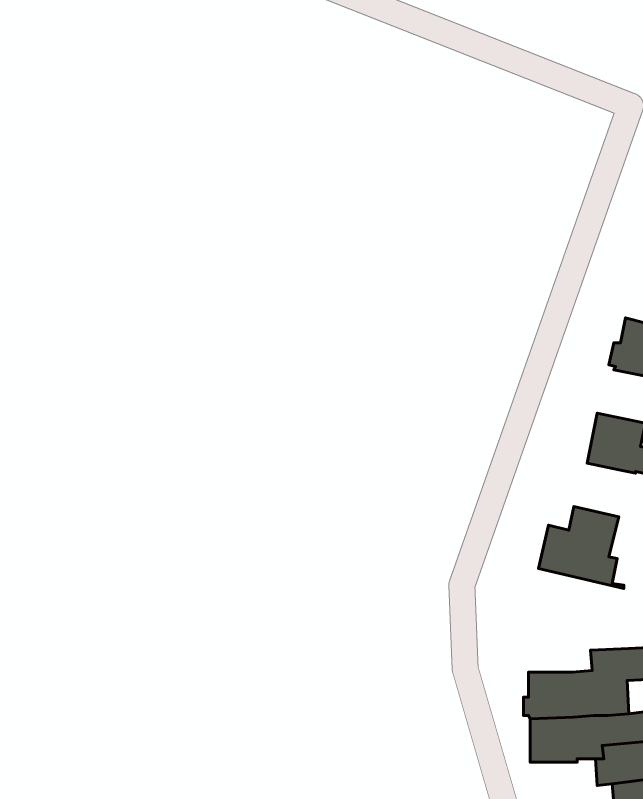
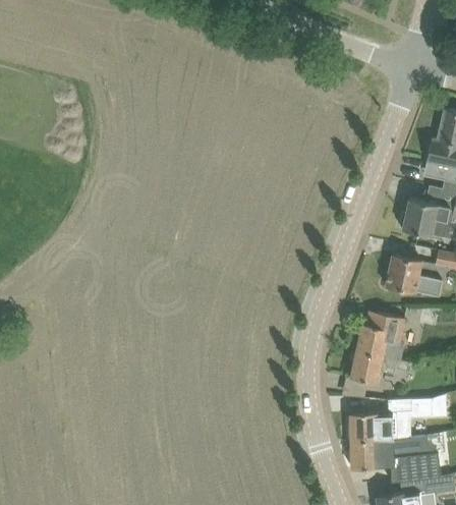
building: none -> [350,350,408,384]

